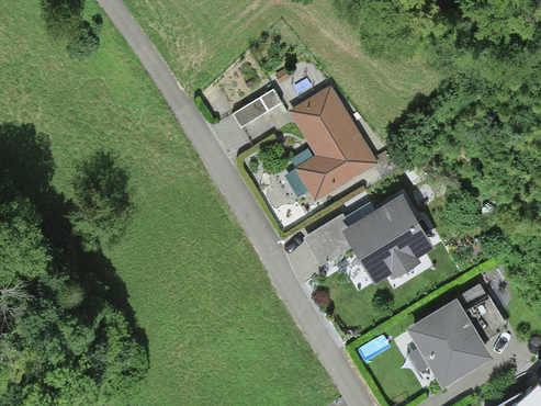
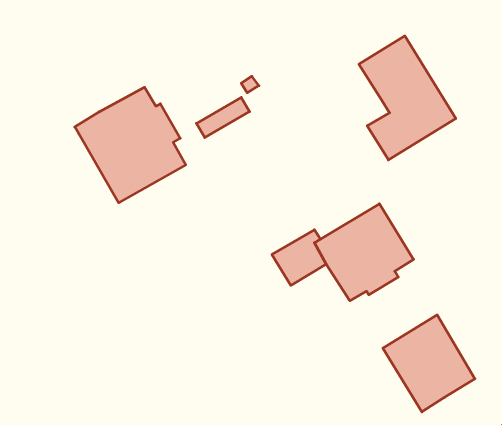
building: none -> [75,87,186,203]
building: [288,89,377,204] -> [359,36,456,160]

